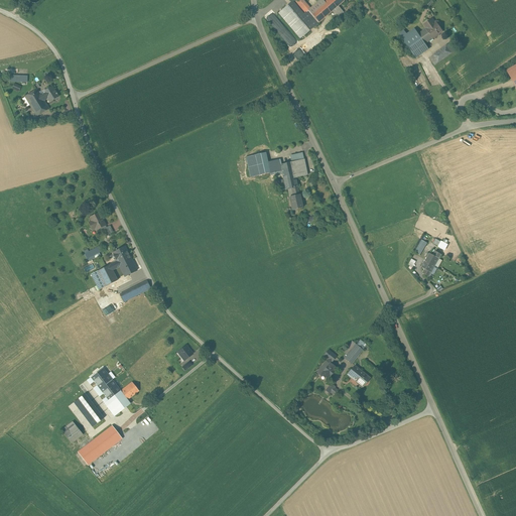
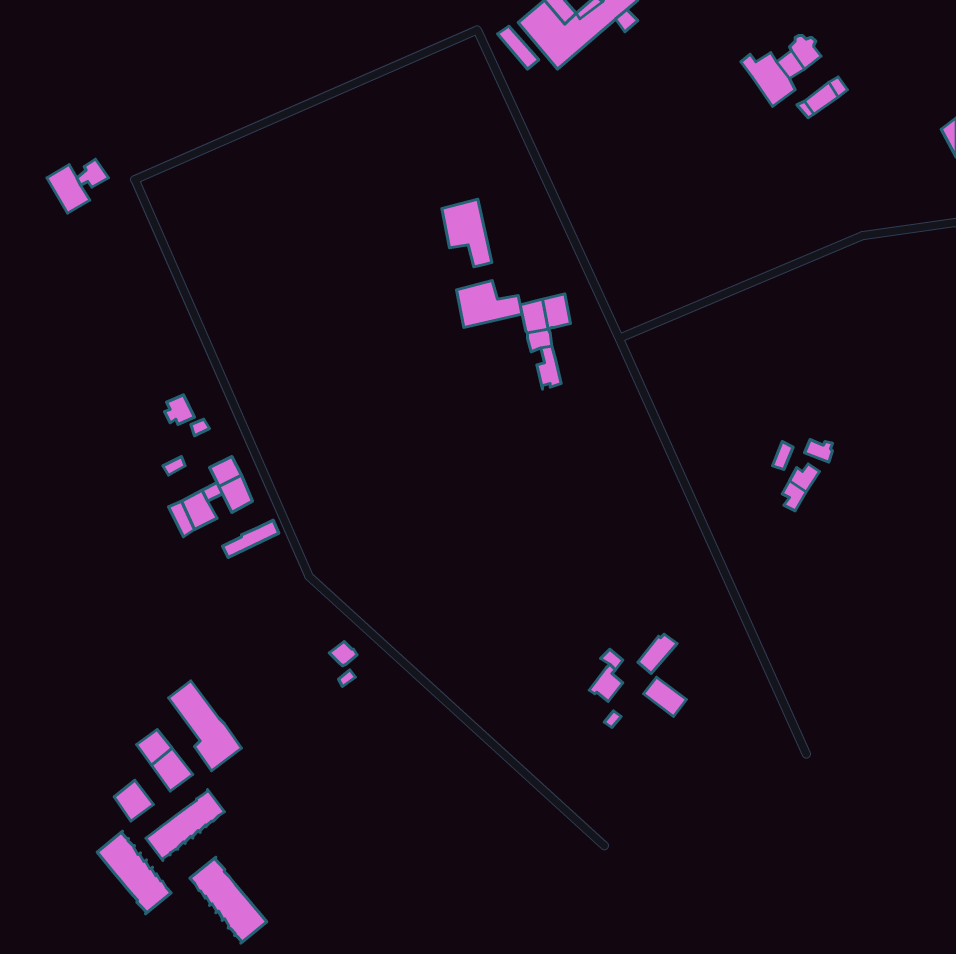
building: none -> [442,199,492,267]
building: none -> [97,831,171,914]
building: none -> [190,857,267,943]

